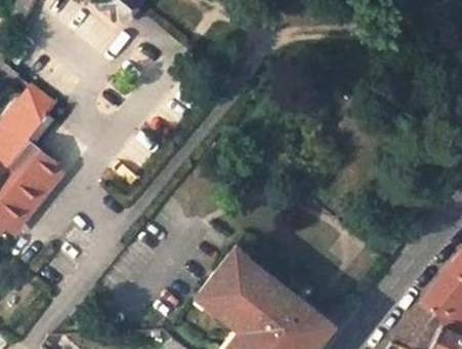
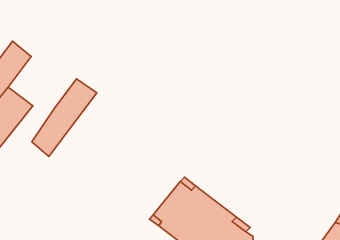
building: none -> [32,79,97,157]

